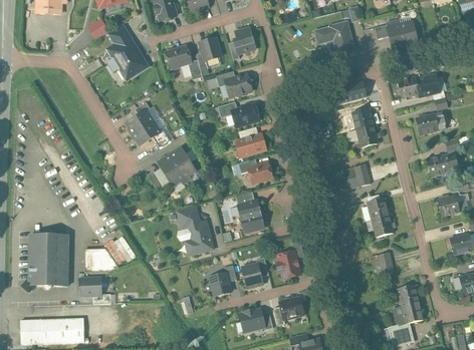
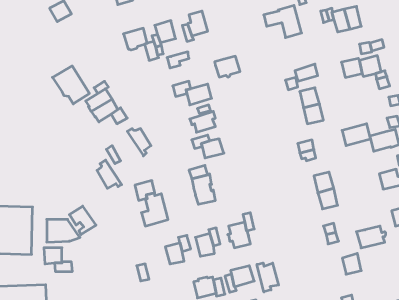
building: [107,36,147,76] -> [52,66,89,104]
building: [225,74,252,96] -> [215,56,240,77]
building: [416,111,446,134] -> [342,124,371,146]
building: [161,154,187,185] -> [97,160,122,188]
building: none -> [257,263,279,292]
building: [393,302,424,325] -> [356,226,386,248]

